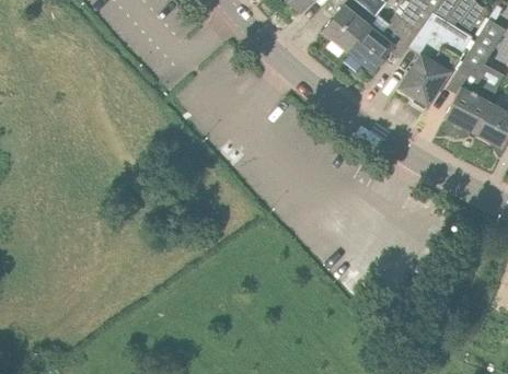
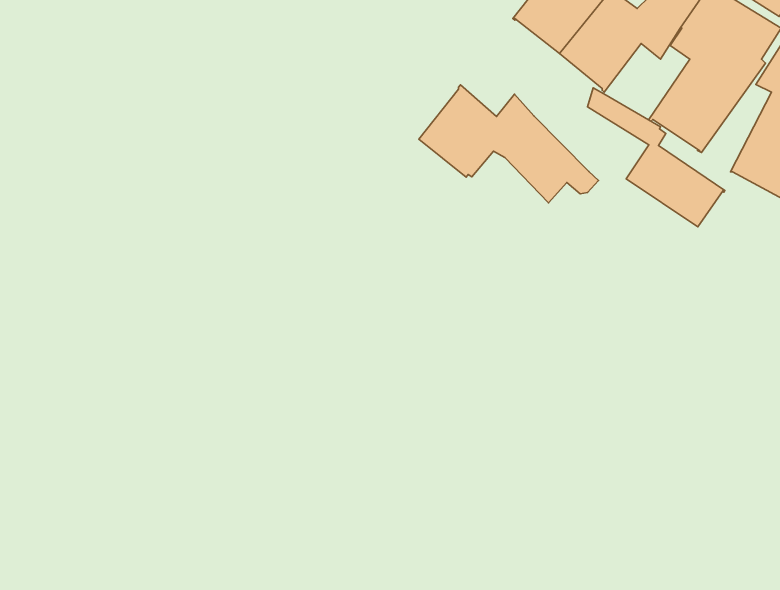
building: none -> [419,85,598,203]
building: none -> [588,88,725,227]

